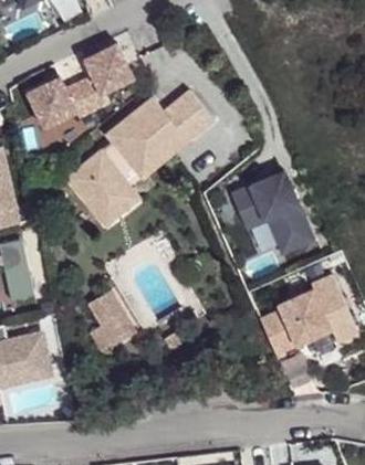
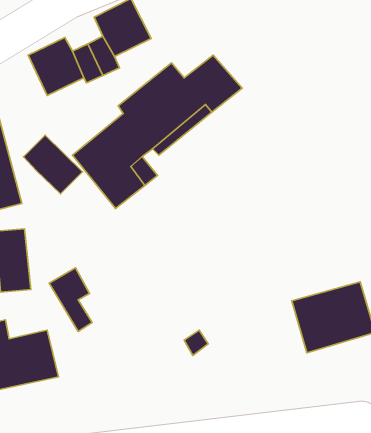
building: none -> [23,135,82,194]
building: [230,169,314,255] -> none
building: [88,292,126,347] -> [49,268,92,331]

